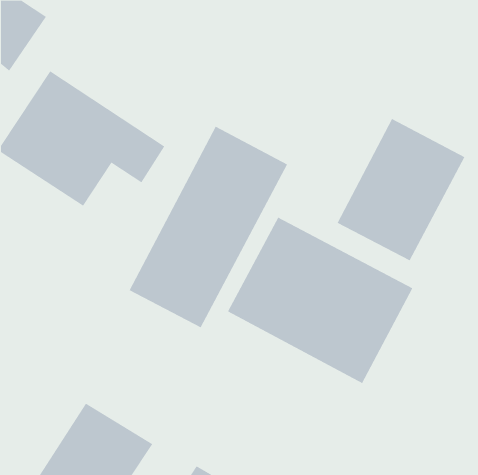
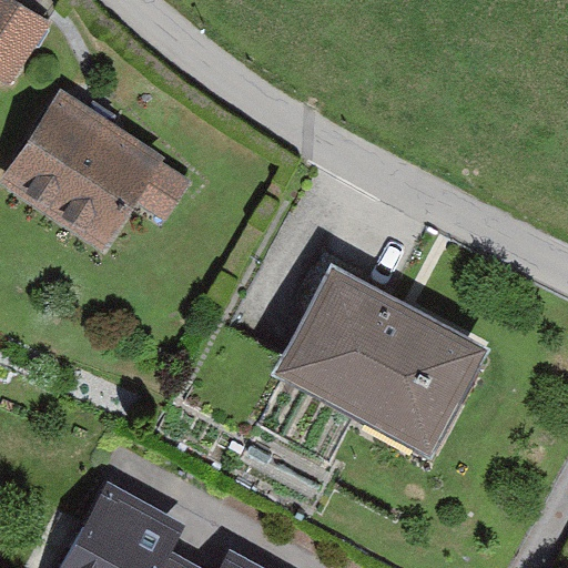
building: [337,118,465,261] -> none
building: [129,126,288,328] -> none

